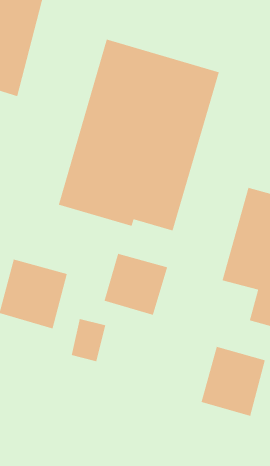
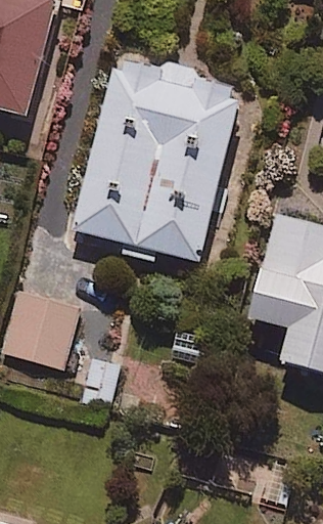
building: [104,253,168,316] -> none
building: [200,346,266,417] -> none

